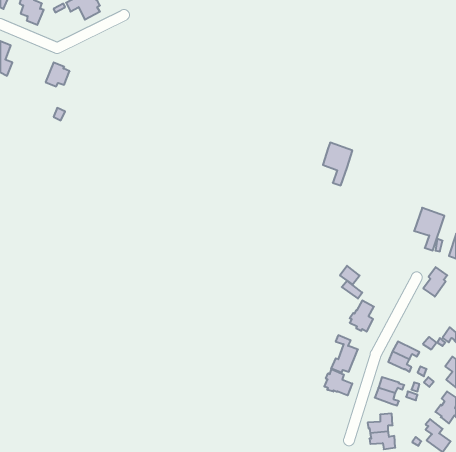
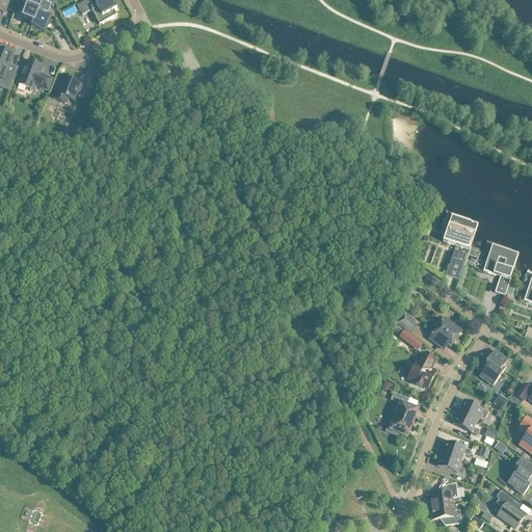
building: none -> [19,59,52,88]
building: [323,143,352,185] -> [443,213,477,263]
building: [423,267,447,297] -> [479,349,507,383]
building: none -> [428,316,461,345]
building: [324,369,352,395] -> none

